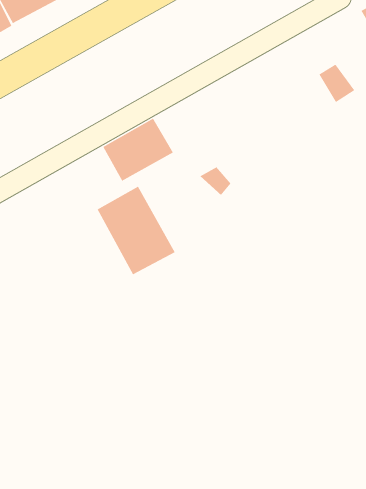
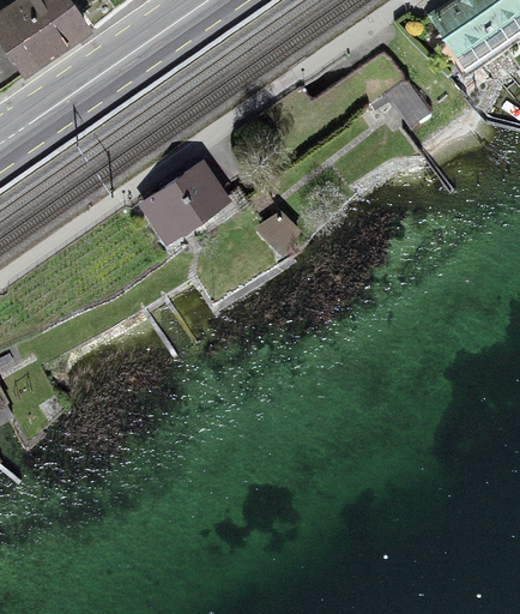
building: [97,186,176,275] -> none

